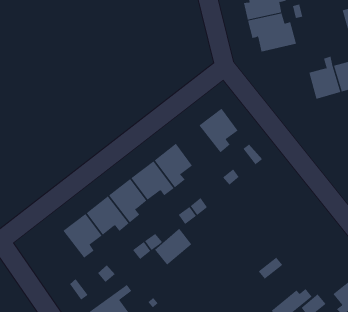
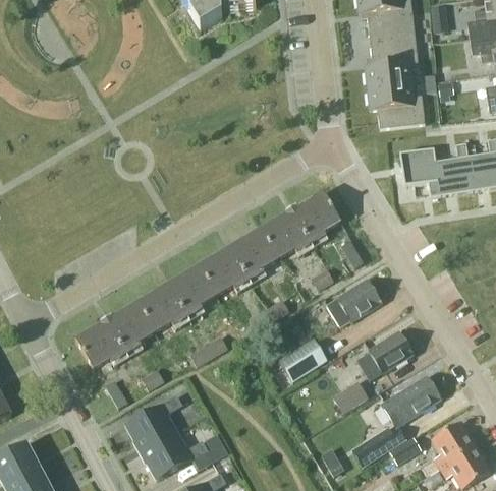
building: none -> [399,147,440,195]
building: none -> [260,208,313,257]
building: none -> [325,278,381,326]
building: none -> [357,330,412,380]
building: [154,228,192,265] -> [279,336,327,381]
building: none -> [74,318,127,367]
building: none -> [384,376,439,425]

